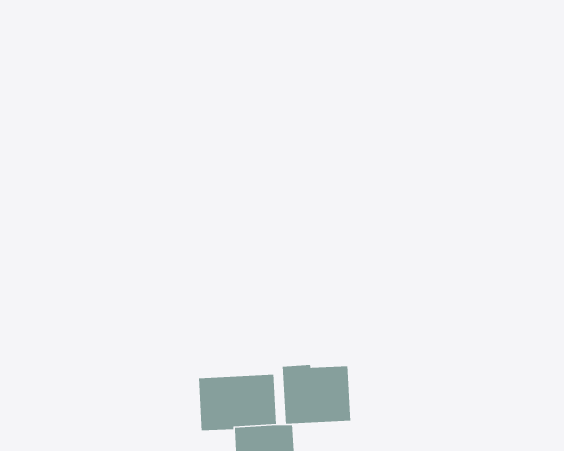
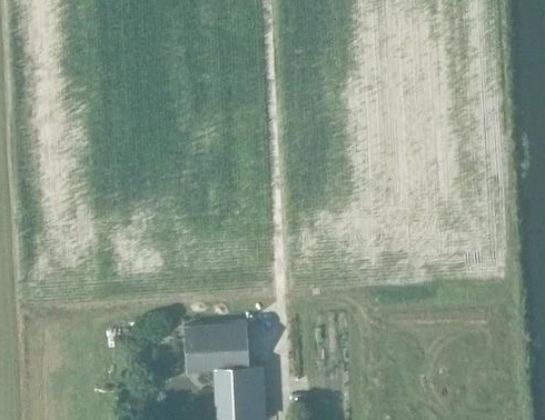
building: [282,364,351,425] -> none

